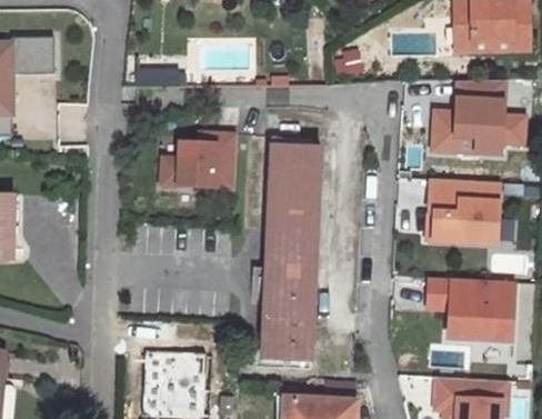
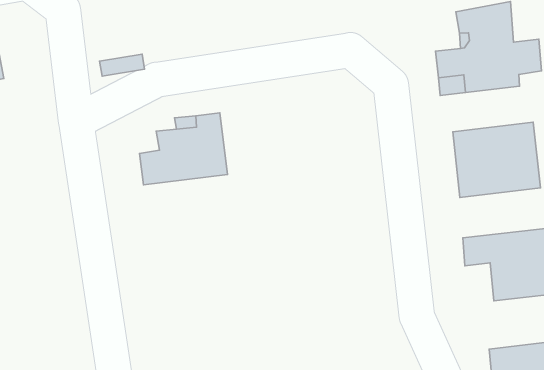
building: [269,143,327,362] -> none

